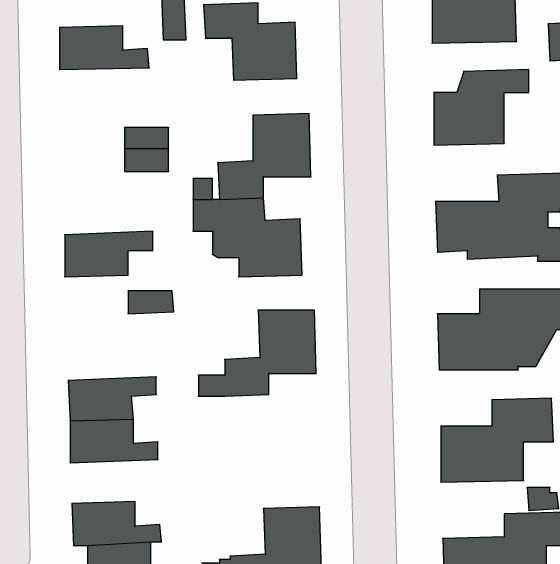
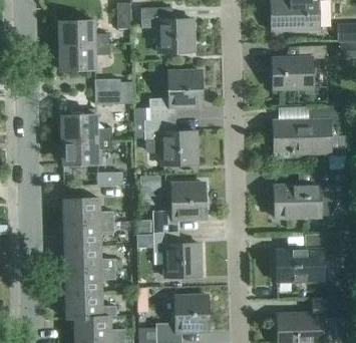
building: none -> [58,45,109,70]
building: none -> [60,114,111,140]
building: none -> [62,199,113,224]
building: none -> [152,232,201,277]
building: none -> [64,269,115,294]

